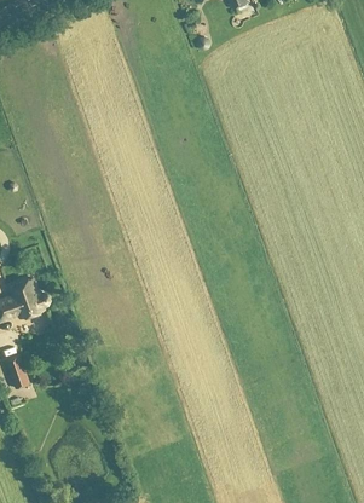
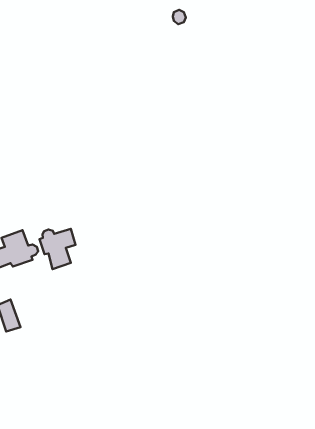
building: none -> [39,229,75,269]

